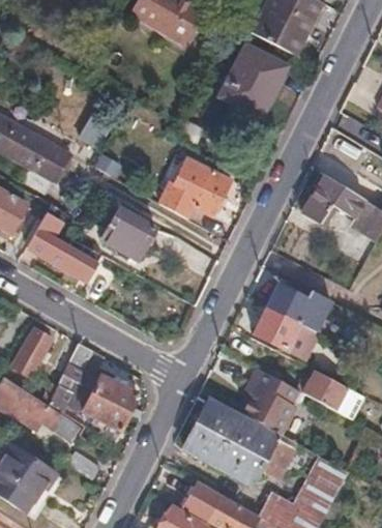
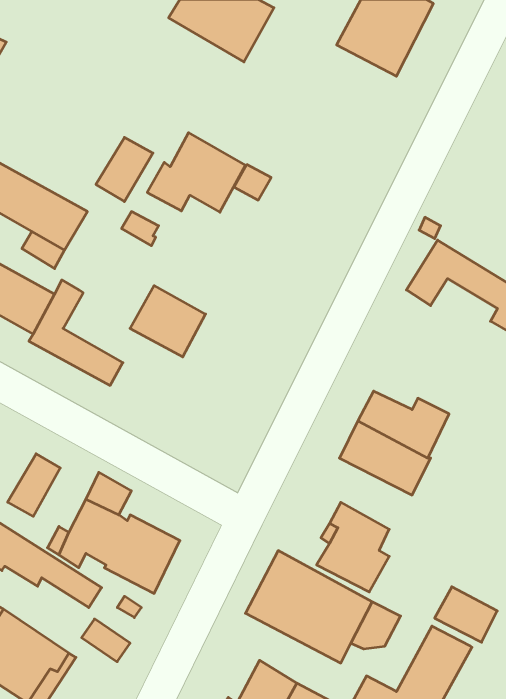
building: [221,47,286,116] -> none
building: [159,159,231,217] -> [147,133,245,212]
building: [303,370,349,410] -> [435,587,497,642]

